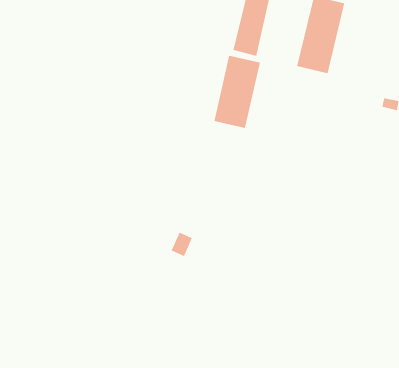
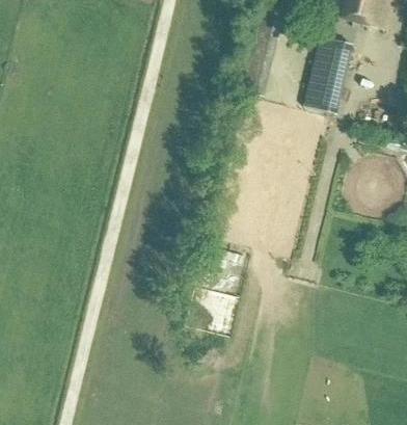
building: [213,55,261,129] -> none

